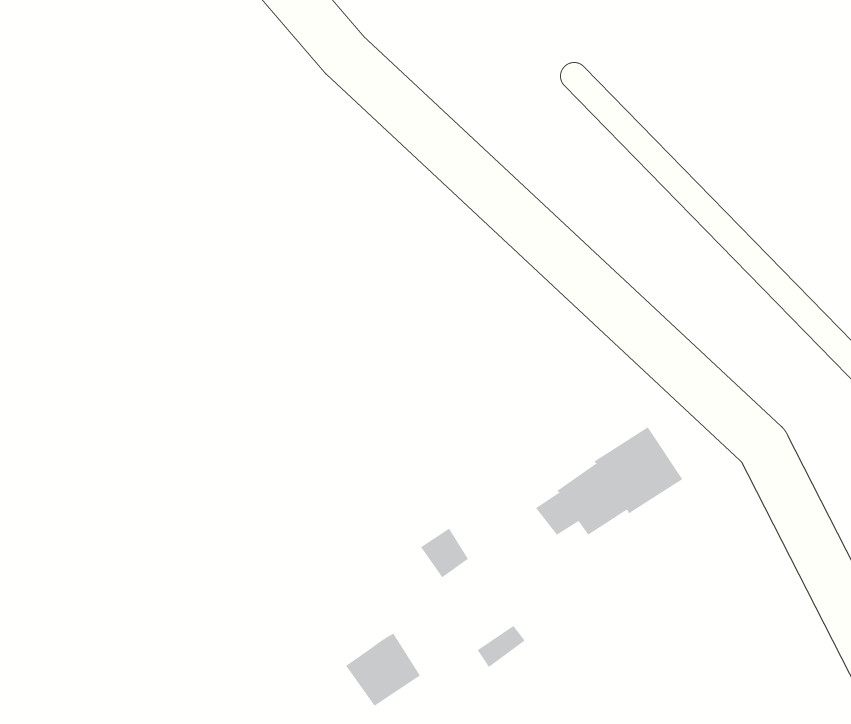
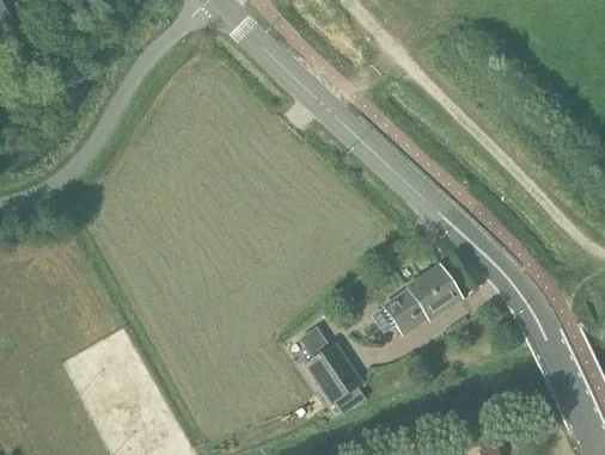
building: [345,633,421,707] -> [306,343,353,388]

